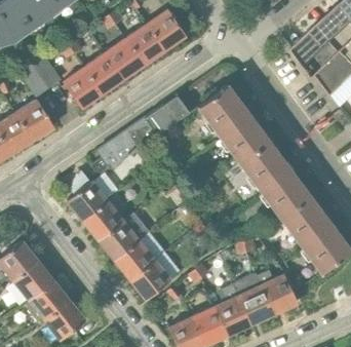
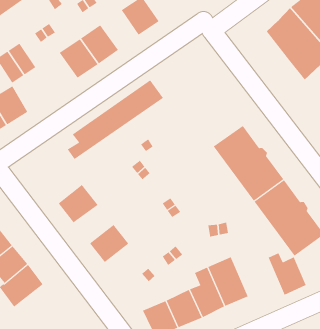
building: [126,25,164,65] -> none
building: [64,68,103,109] -> none
building: [197,84,270,162] -> none
building: [68,169,108,220] -> none
building: [99,213,150,260] -> none
building: [130,260,171,300] -> none
building: [259,270,298,313] -> [268,253,306,295]
building: [44,301,85,341] -> none

